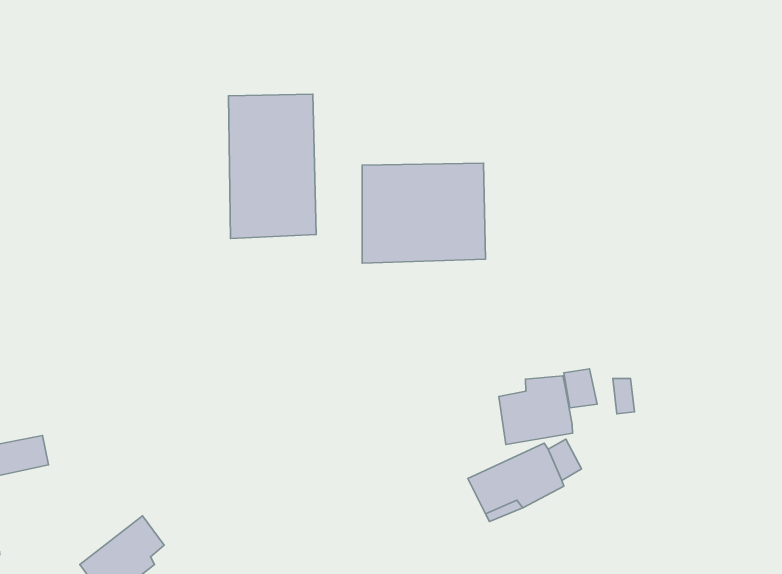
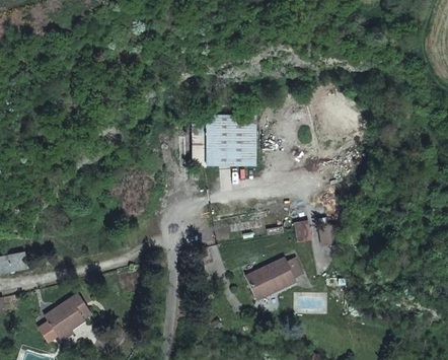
building: [229,94,316,238] -> none
building: [499,376,573,444] -> none

